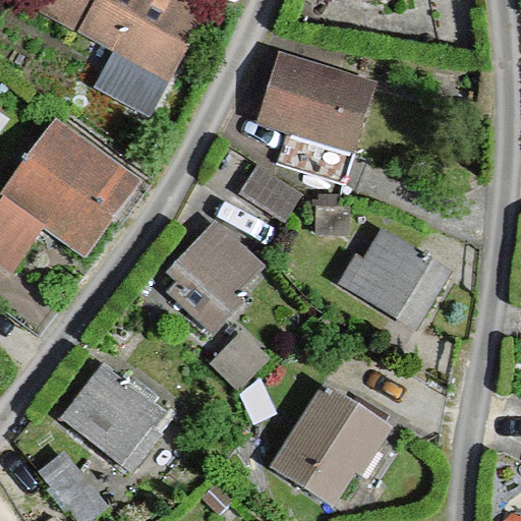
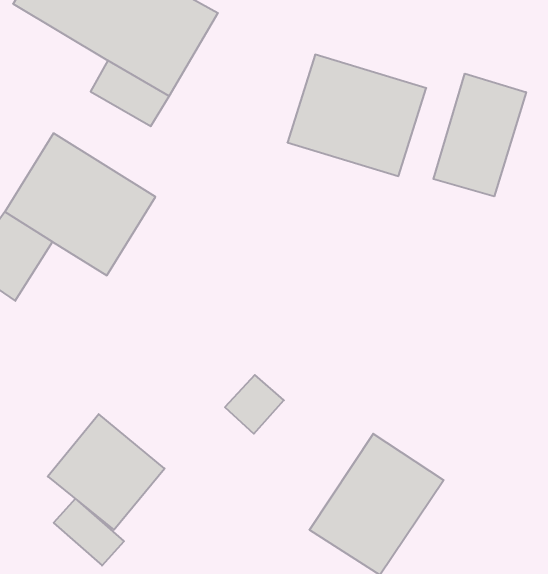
building: none -> [433,74,526,196]
building: [151,222,252,333] -> none
building: [332,231,447,335] -> none

